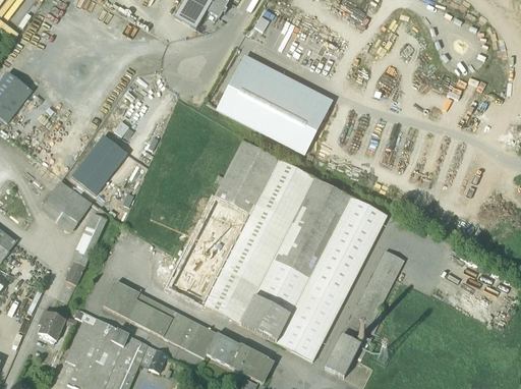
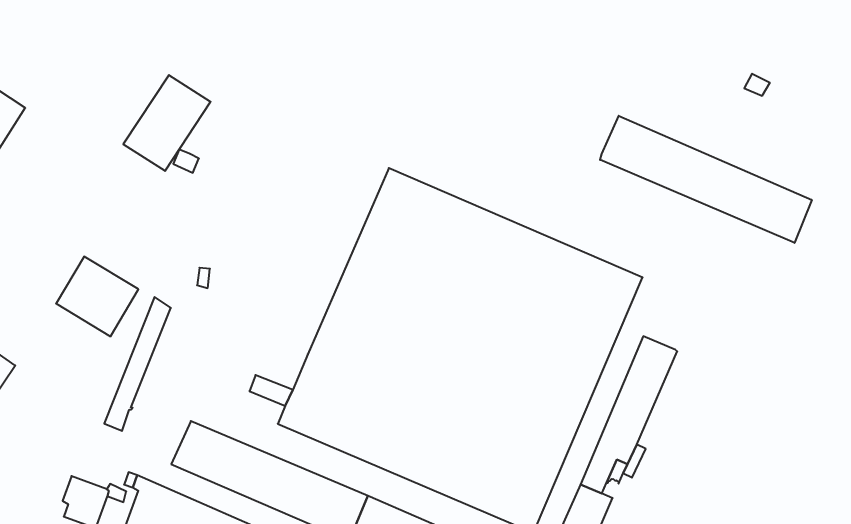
building: [217,63,327,153] -> none
building: none -> [600,116,812,243]
building: [72,137,125,193] -> [123,75,211,171]

